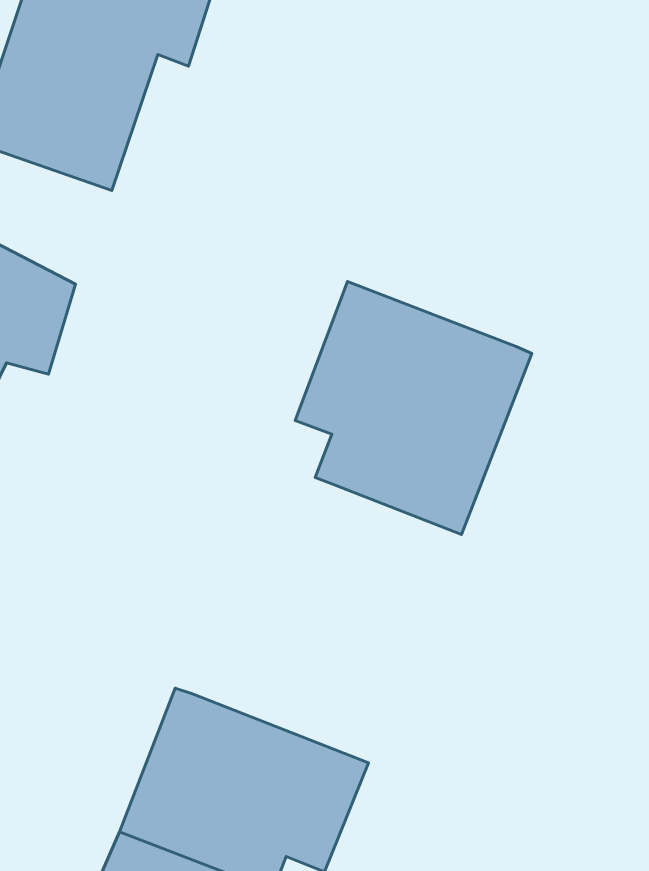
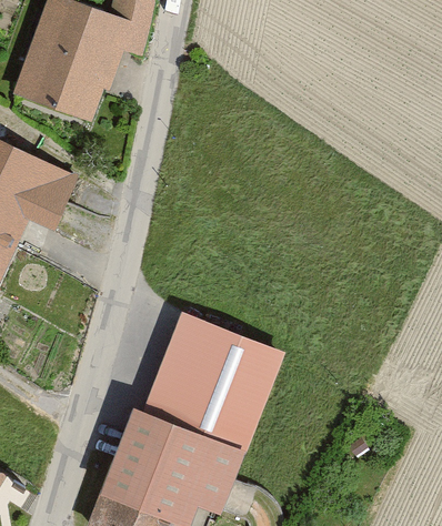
building: [295,282,532,534] -> none
building: none -> [141,314,282,454]

